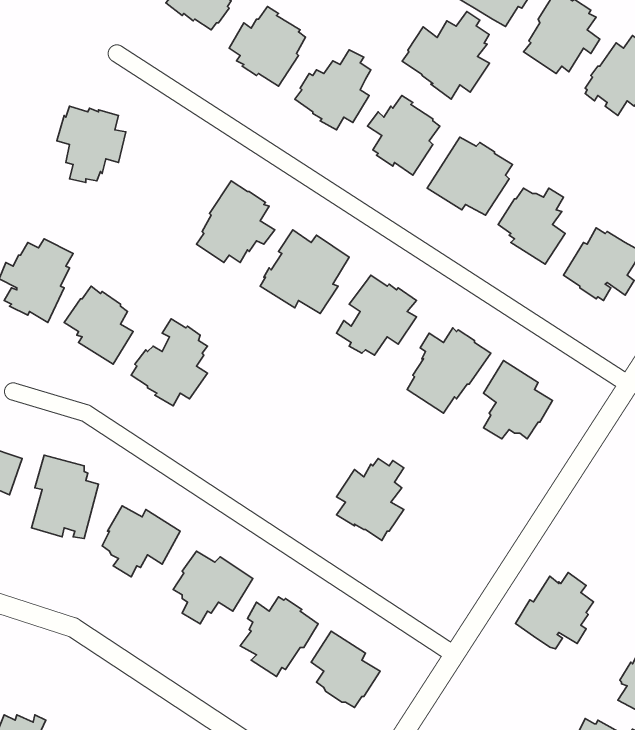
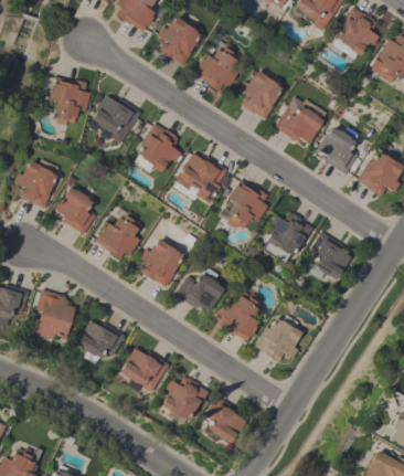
building: [402,11,490,99] -> none
building: none -> [88,95,141,144]
building: none -> [139,239,183,287]
building: none -> [176,266,224,311]
building: [515,573,593,649] -> [255,315,302,361]

